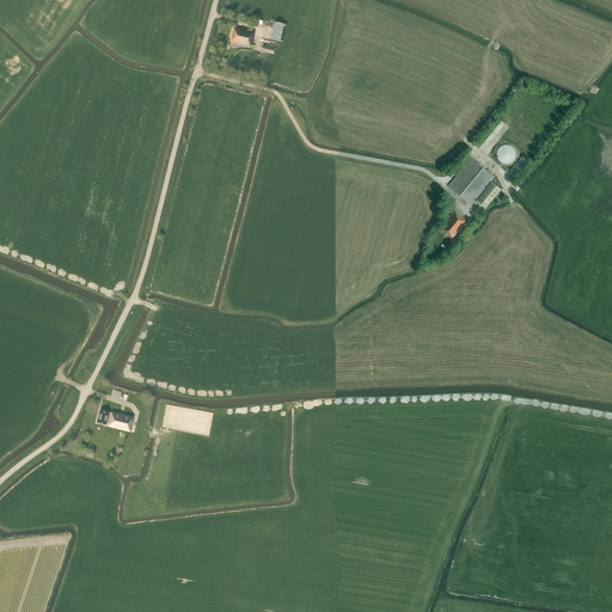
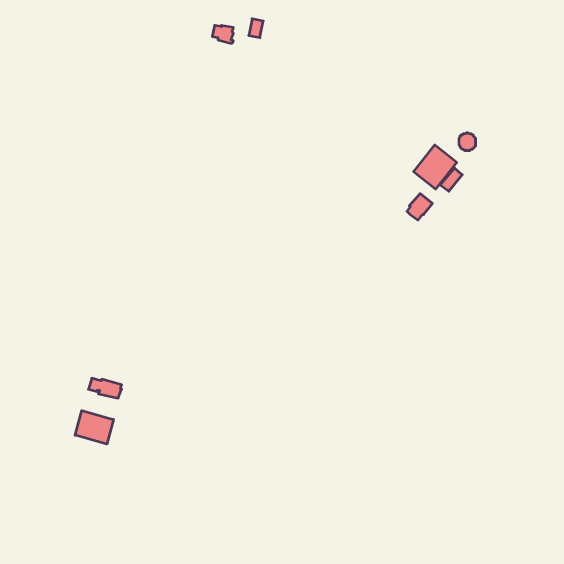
building: none -> [75,411,113,444]

